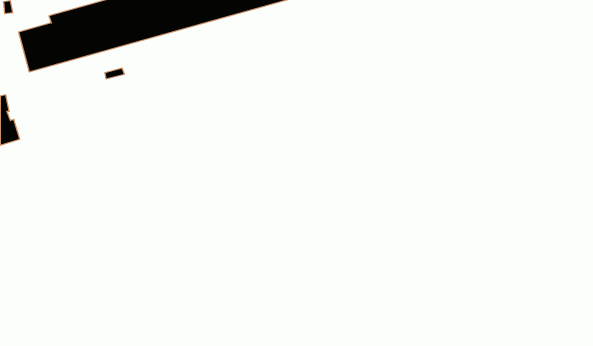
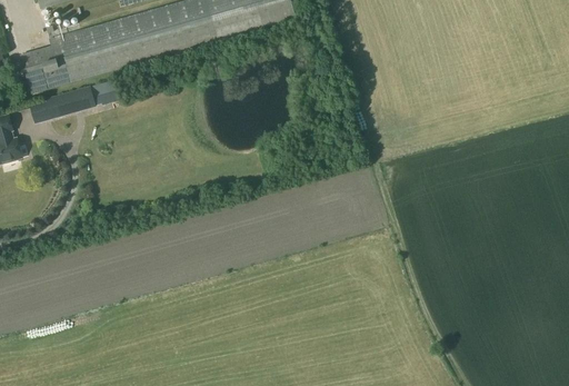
building: none -> [41,86,92,117]

